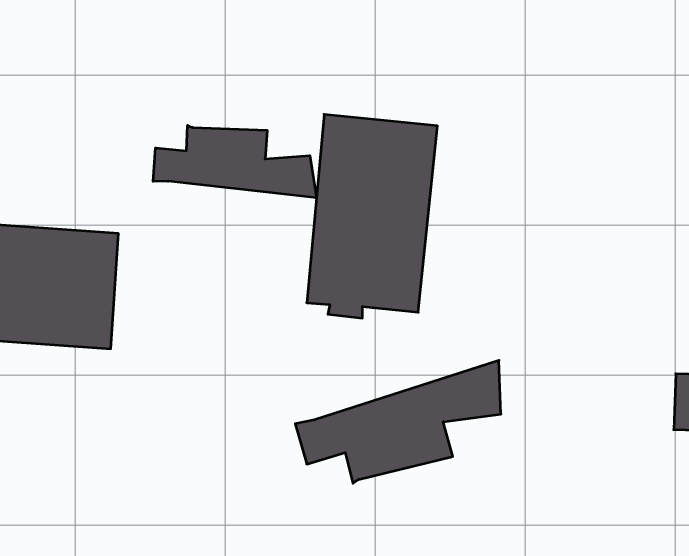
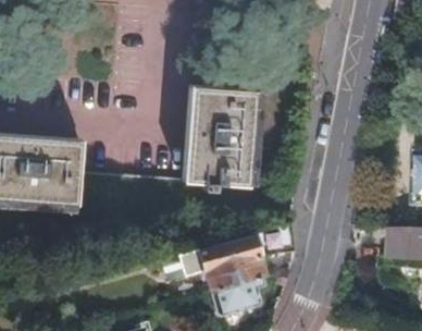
building: [153,125,316,198] -> none
building: none -> [213,273,269,310]

